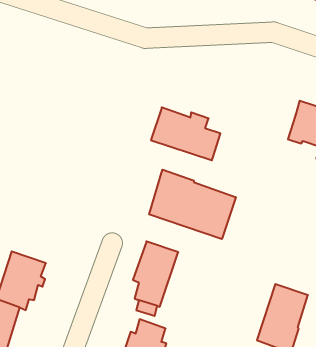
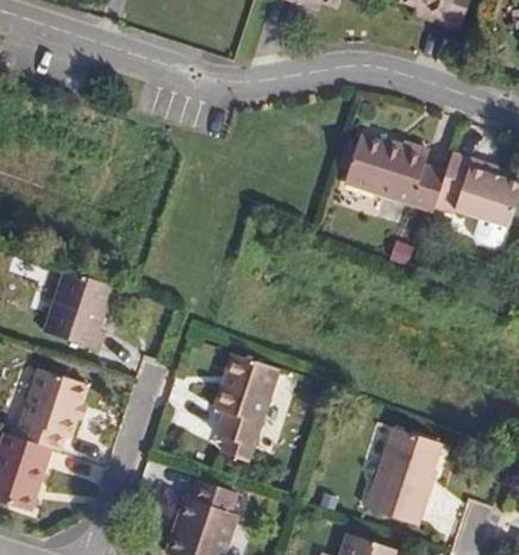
building: [151,107,220,160] -> [339,138,438,213]
building: [149,170,236,239] -> none
building: none -> [37,270,106,351]

